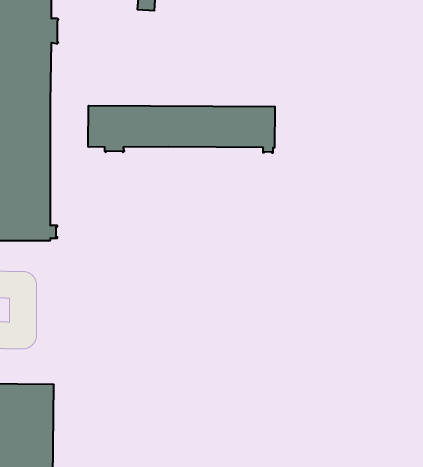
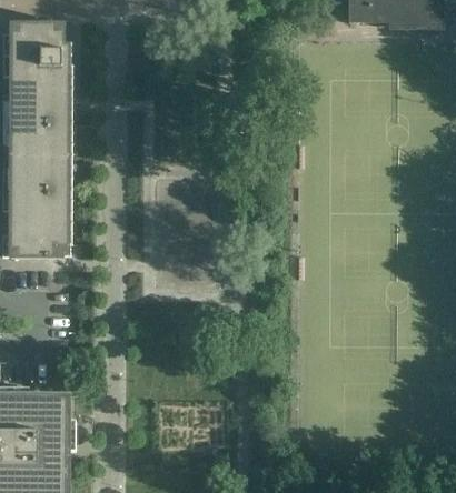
building: [88,106,275,153] -> none

